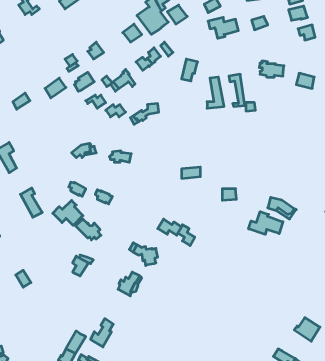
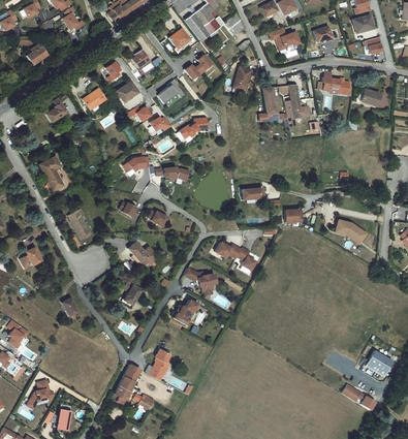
building: [53,200,83,225] -> none
building: [249,212,283,234] -> none

